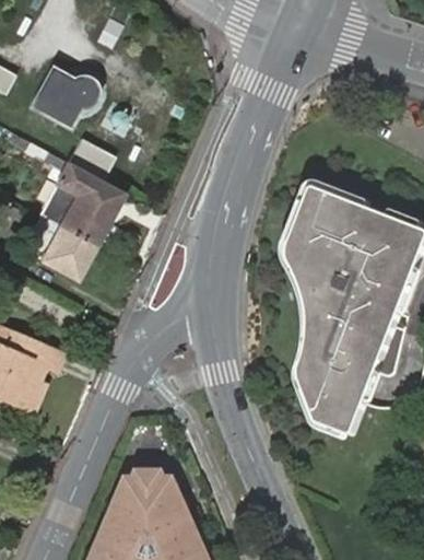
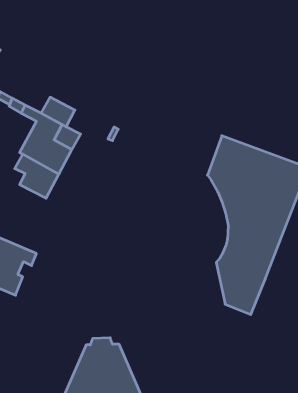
building: [27,69,90,124] -> none

